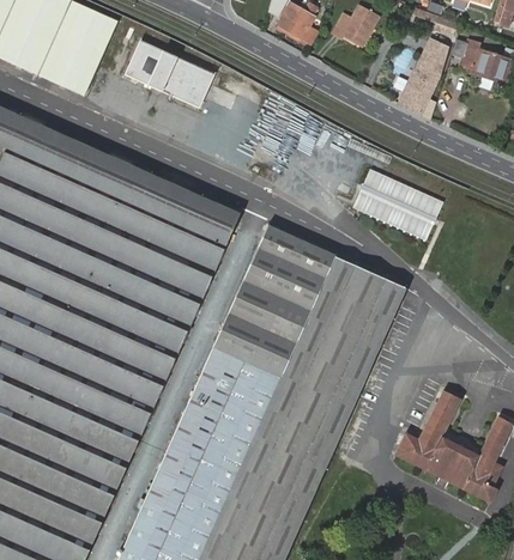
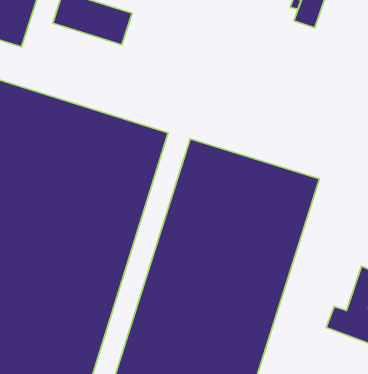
building: [351,169,443,241] -> none

